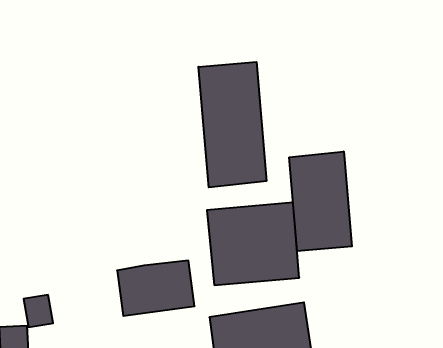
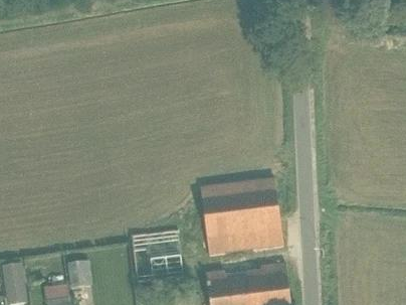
building: [198,62,266,187] -> none
building: [289,151,352,251] -> none

